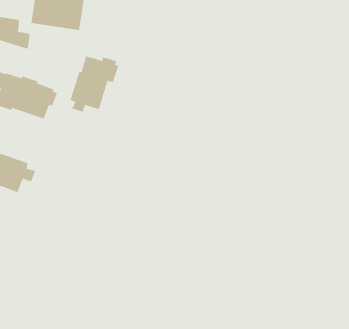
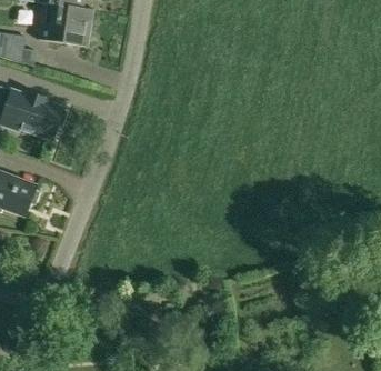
building: [70,56,119,113] -> none

